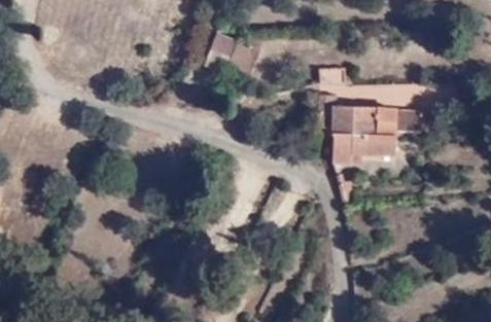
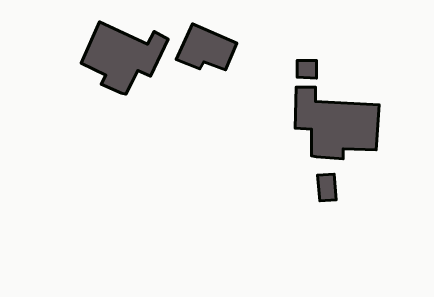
building: none -> [81,22,168,94]

